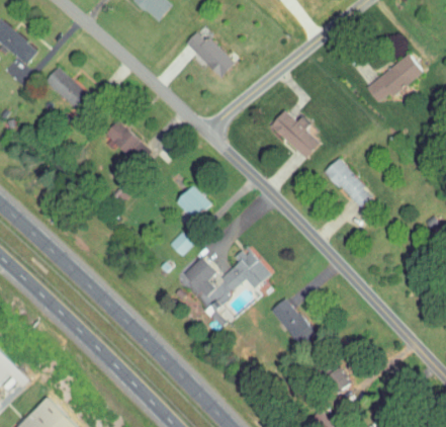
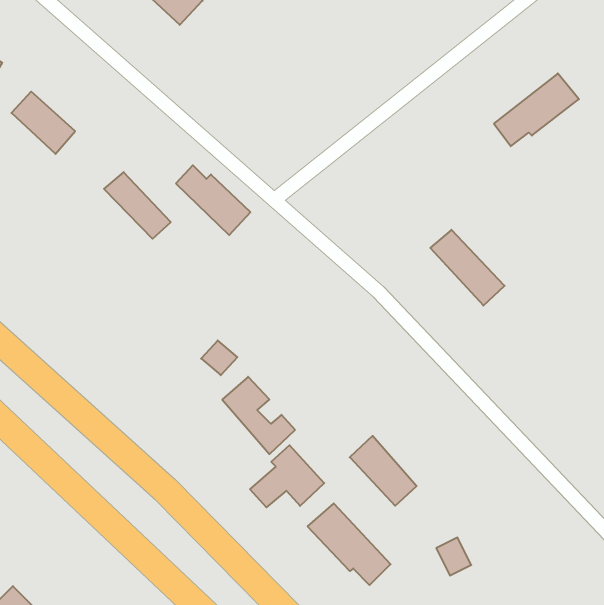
building: [185,31,235,78] -> [176,165,250,235]
building: [270,110,320,159] -> none
building: [175,185,210,220] -> none
building: [221,248,271,289] -> [250,445,324,507]
building: none -> [308,503,391,585]

